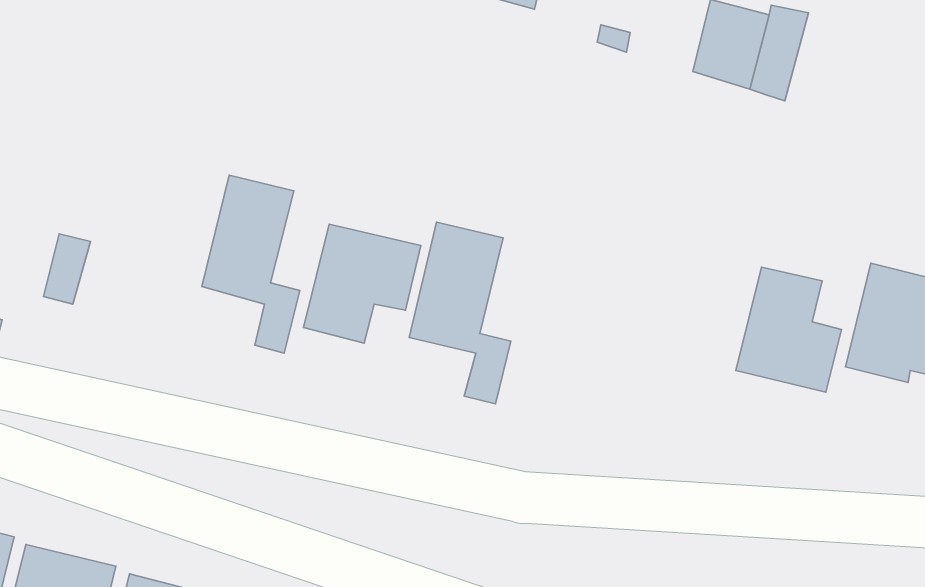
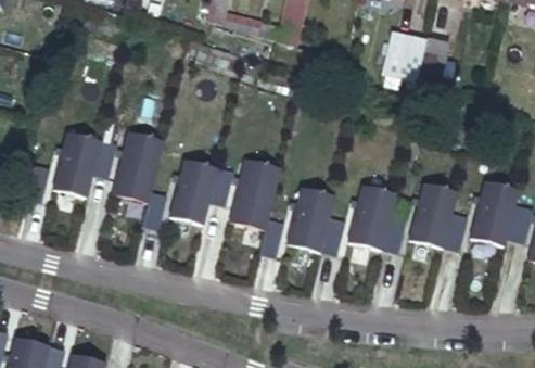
building: none -> [53,132,117,198]
building: none -> [348,186,407,255]
building: none -> [286,188,345,257]

